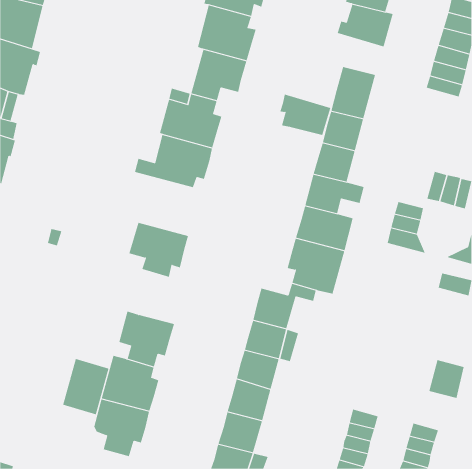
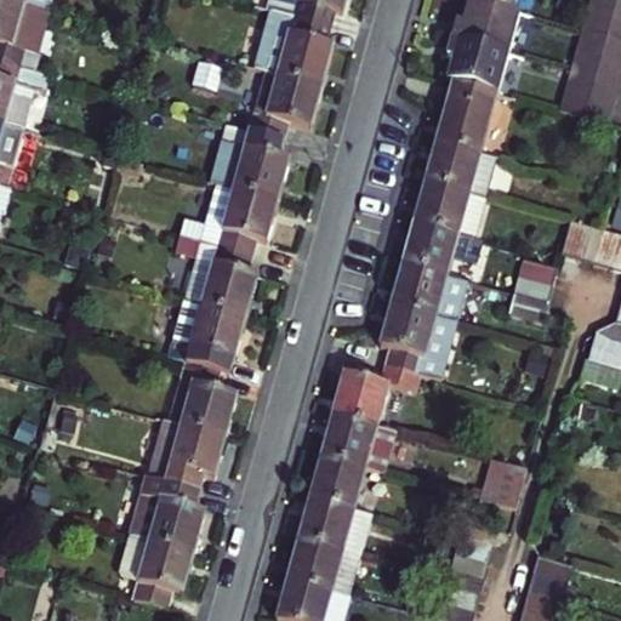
building: [279,94,331,136] -> [435,44,503,98]
building: none -> [172,226,260,309]
building: none -> [182,353,240,425]
building: [63,358,109,415] -> none
building: [428,360,465,398] -> [479,457,526,508]

